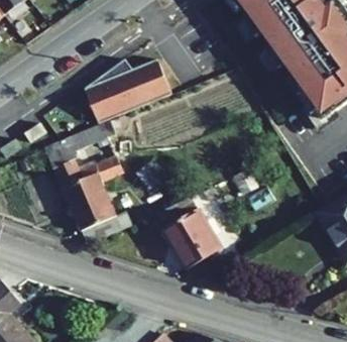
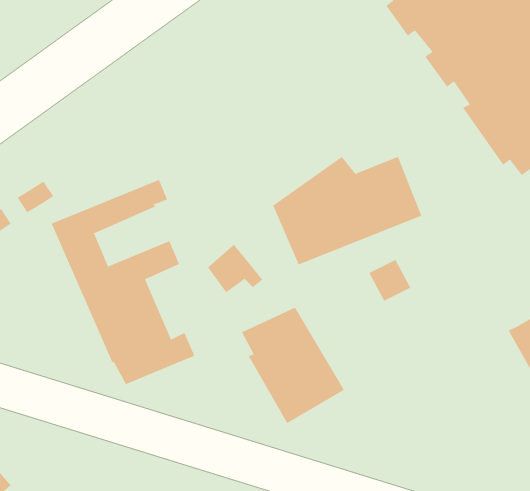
building: [82,59,170,123] -> [273,156,422,265]

